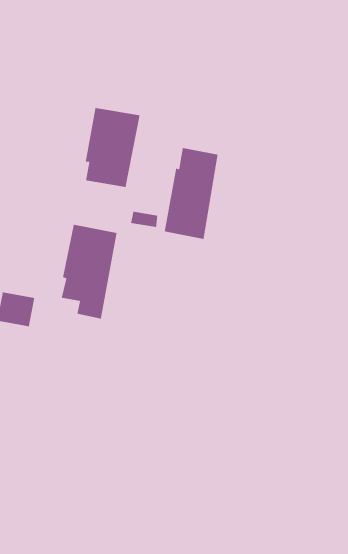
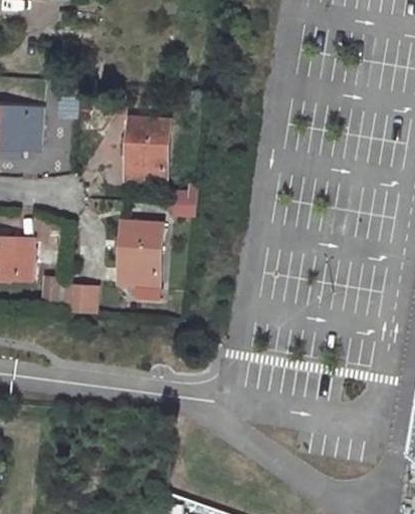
building: [164,147,219,240] -> none

